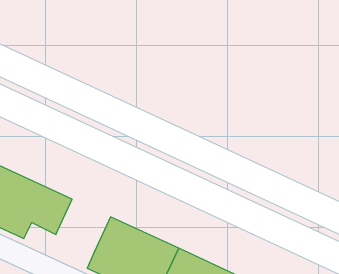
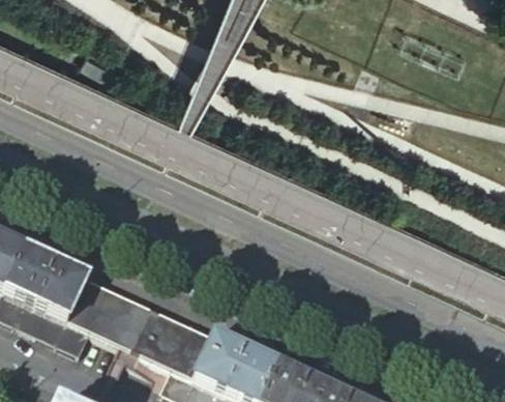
building: none -> [123,294,194,362]

